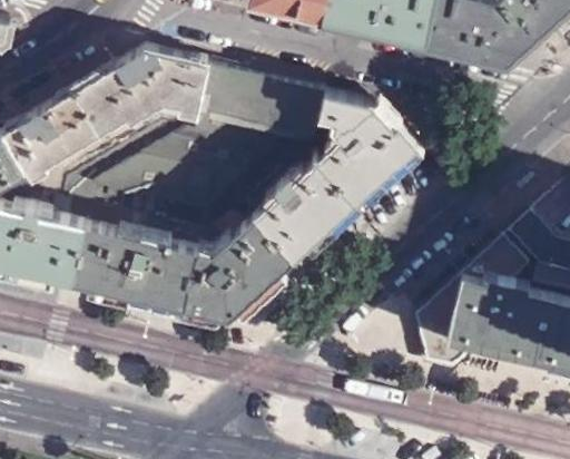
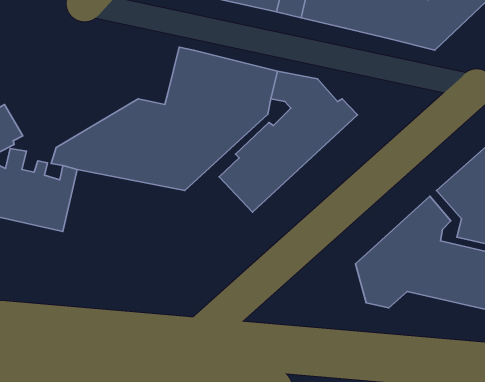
building: [7,50,210,180] -> none
building: [75,208,296,316] -> none

